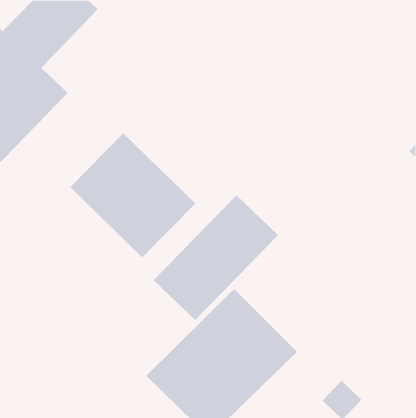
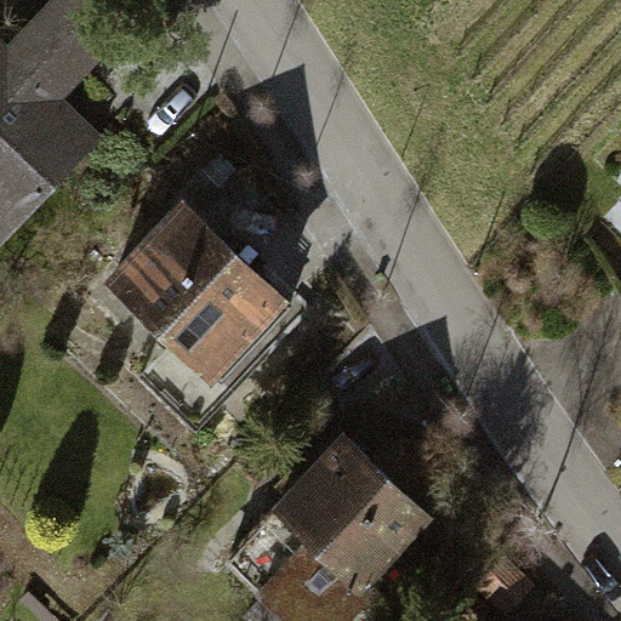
building: [153,194,279,321] -> none

